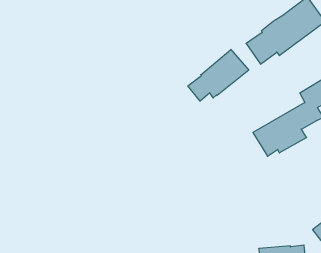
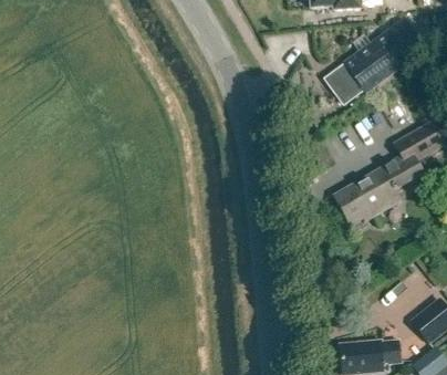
building: [188,49,249,101] -> none

